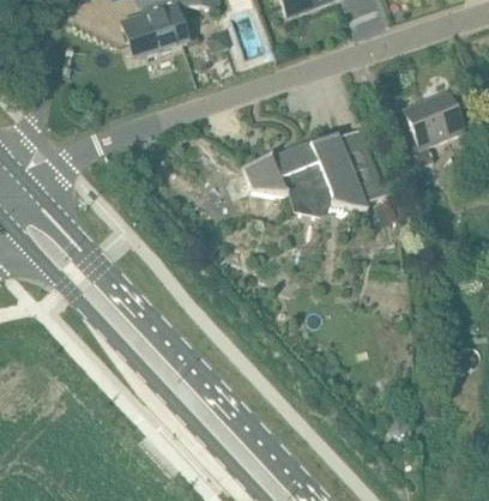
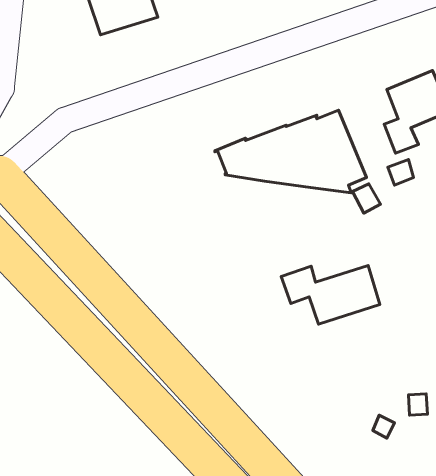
building: none -> [281,265,380,324]

